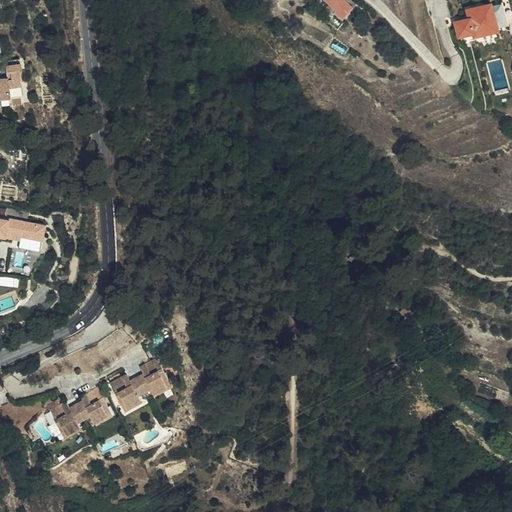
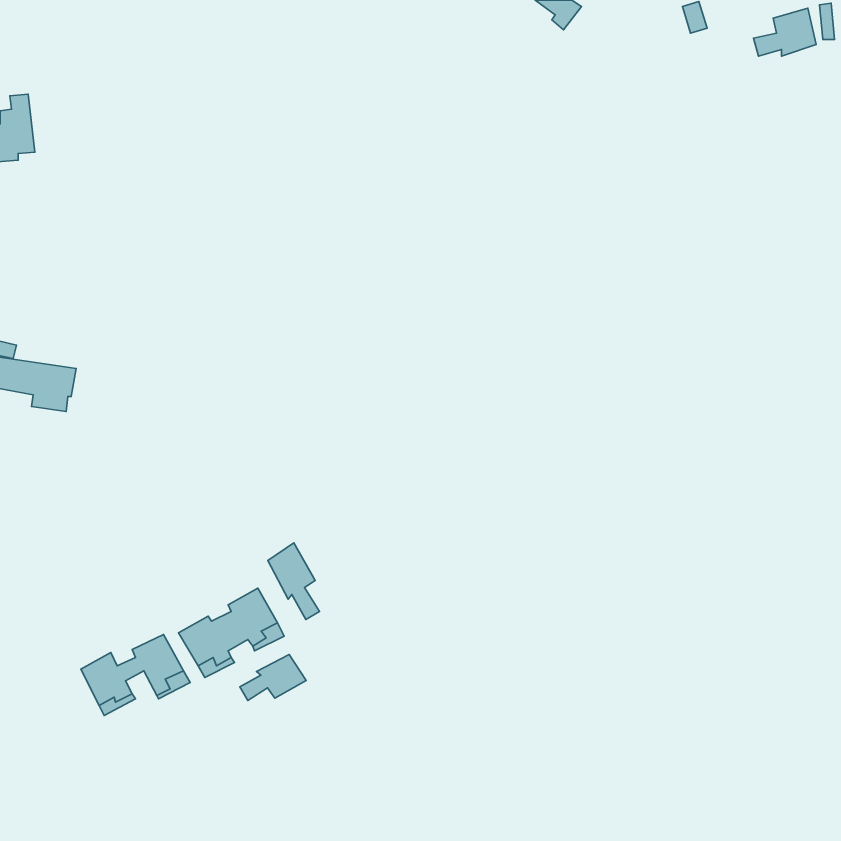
building: none -> [268,543,320,620]
building: none -> [240,654,306,701]

